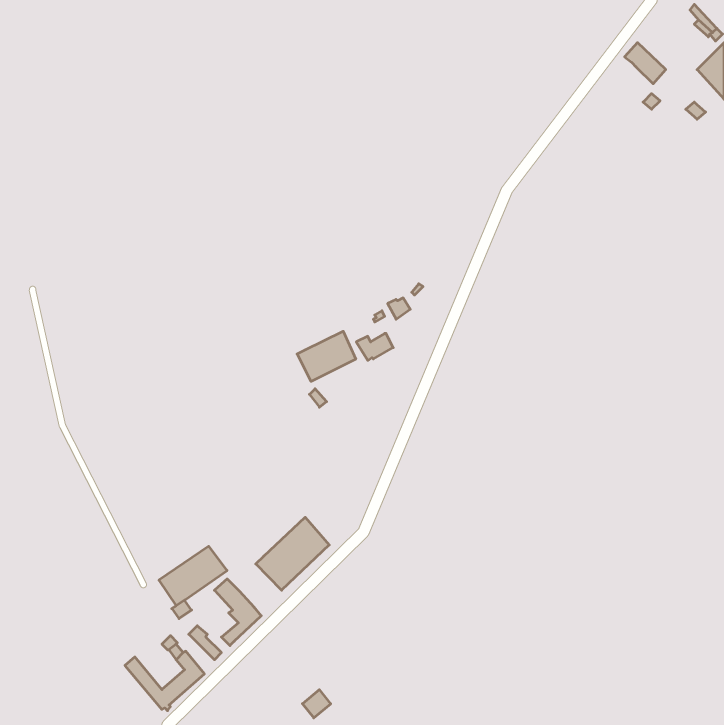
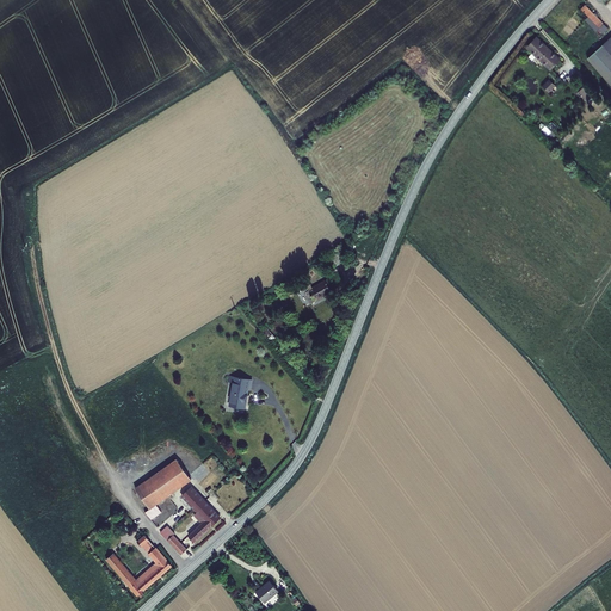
building: [297,331,356,381] -> none
building: none -> [229,379,254,411]
building: [256,517,329,590] -> none

